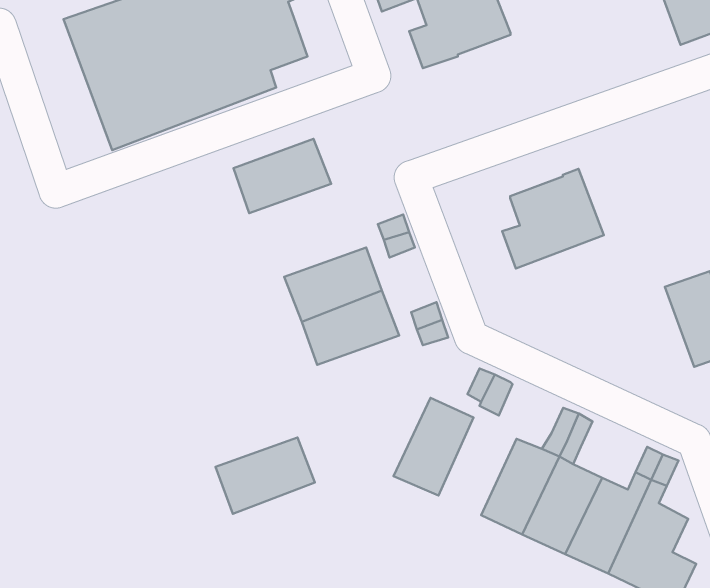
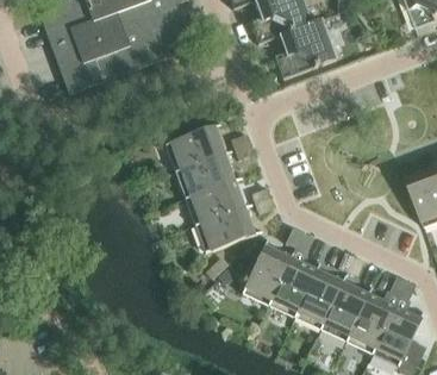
building: [234,139,331,213] -> [164,125,224,170]
building: [502,169,604,268] -> [275,18,337,79]
building: none -> [268,256,316,315]
building: [215,438,315,514] -> [194,206,255,252]

